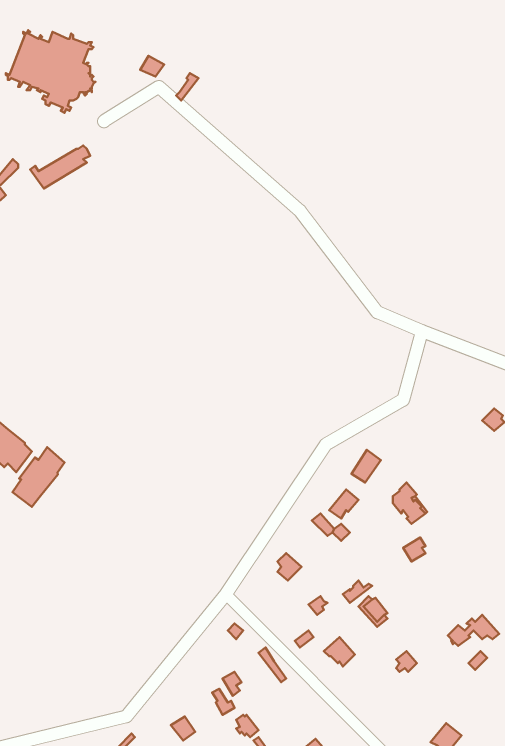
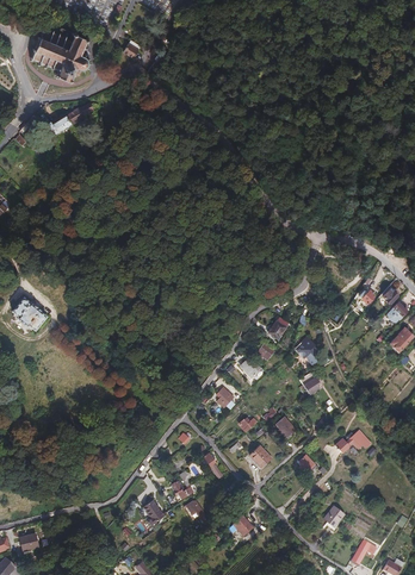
building: [13,447,64,507] -> none

